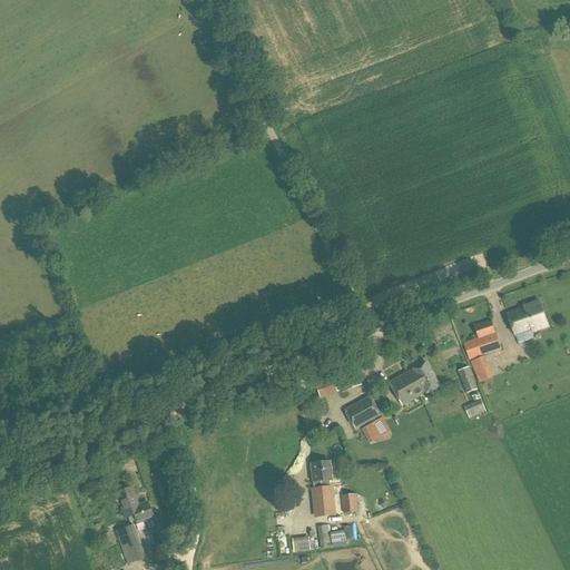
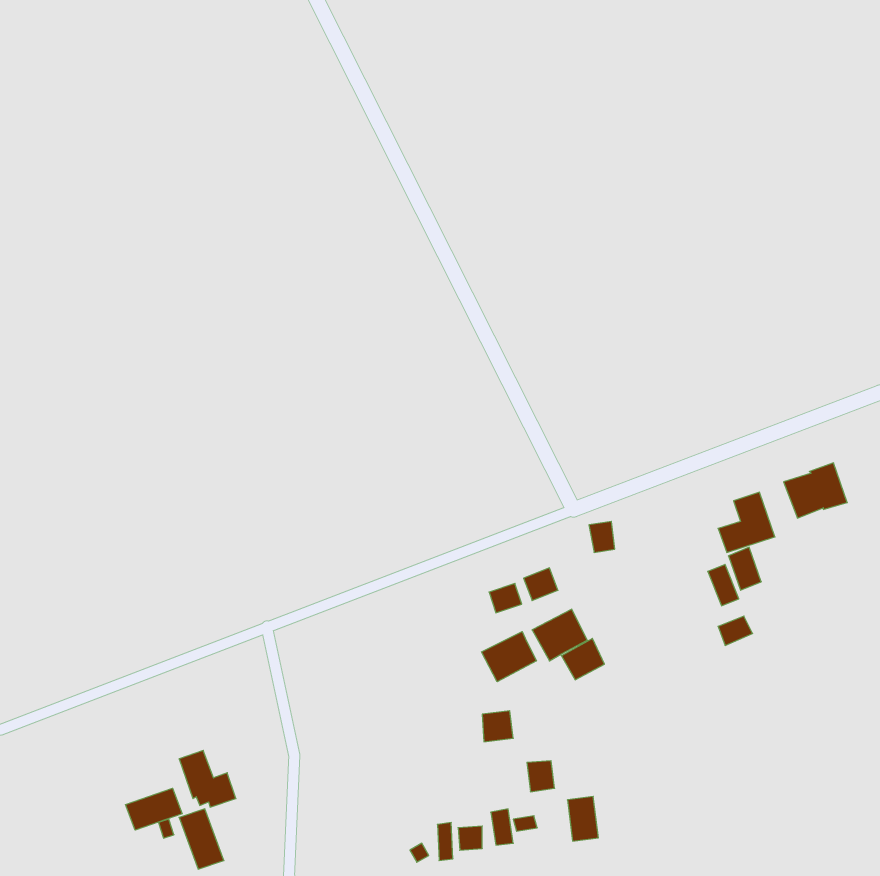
building: [391,361,440,403] -> none
building: none -> [482,632,536,682]
building: [314,485,334,514] -> [567,796,598,841]
building: none -> [126,788,182,830]

